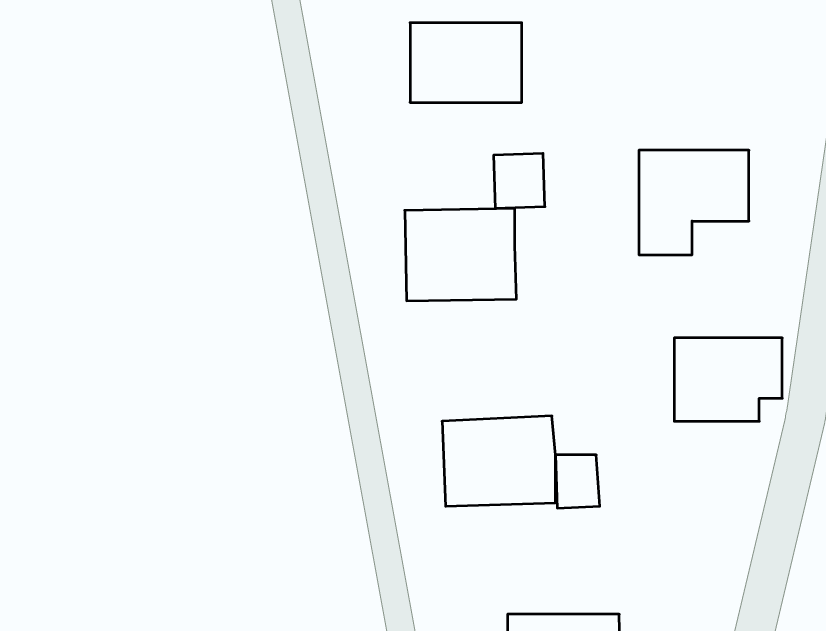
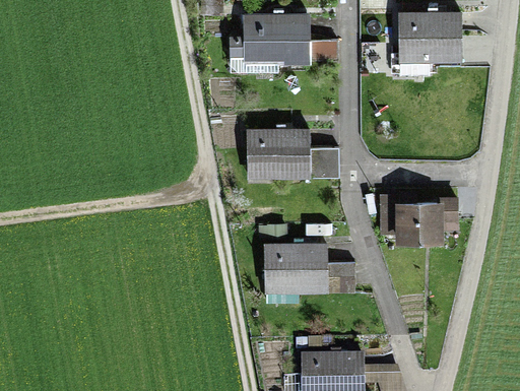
building: [639,150,749,255] -> [395,13,458,73]
building: [494,153,545,208] -> [305,142,334,174]

